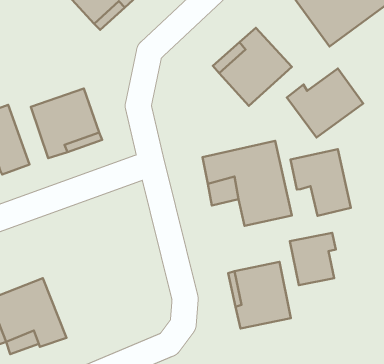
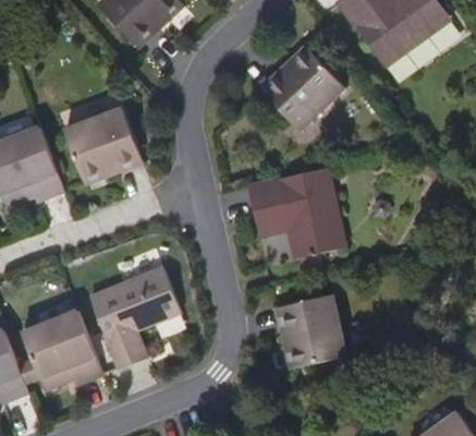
building: [287,69,363,138] -> none
building: [291,149,351,216] -> none
building: [290,233,336,285] -> none
building: none -> [89,270,180,368]

